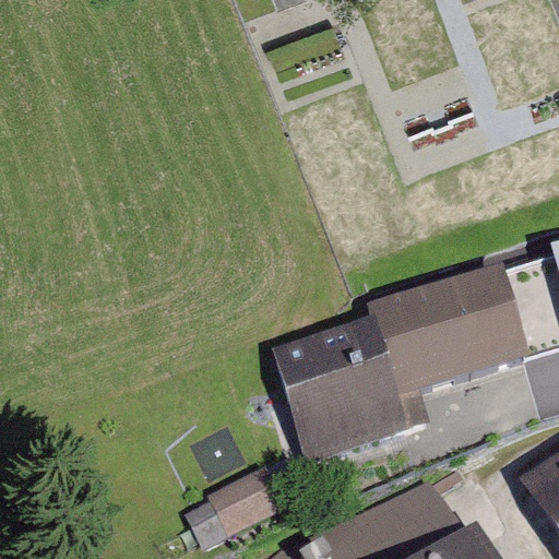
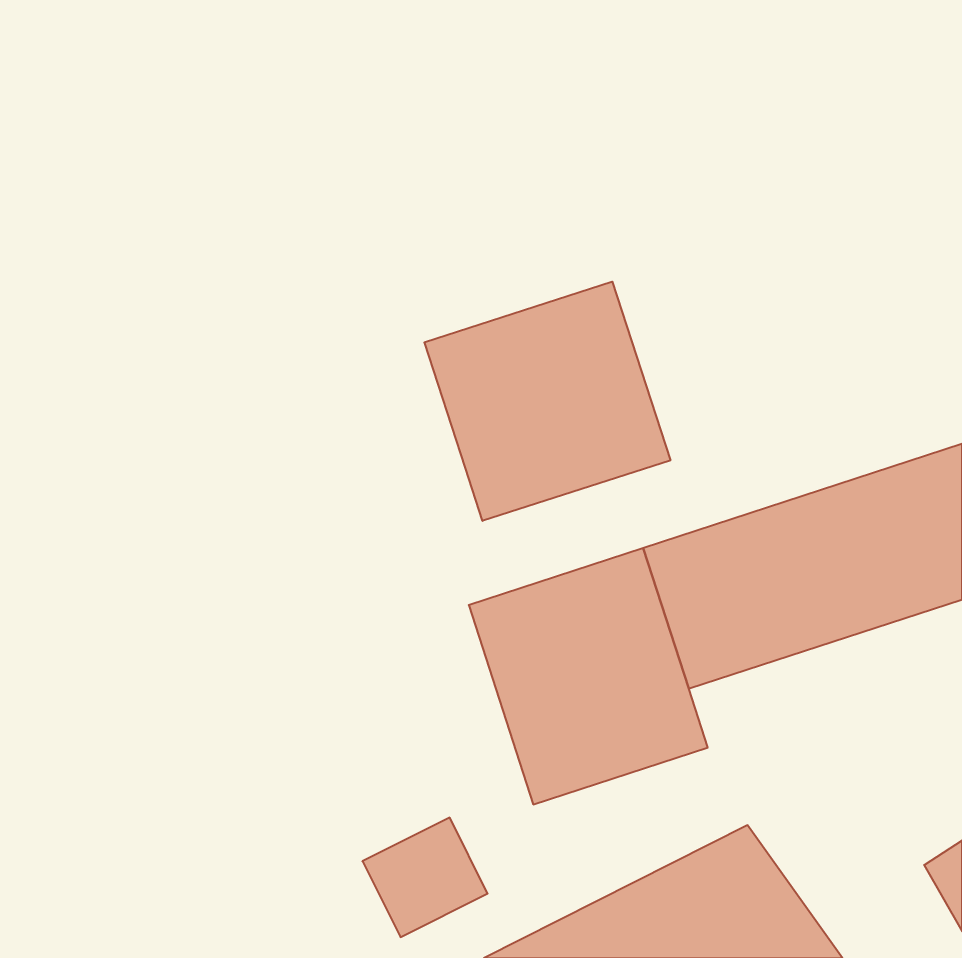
building: none -> [424,282,670,521]

